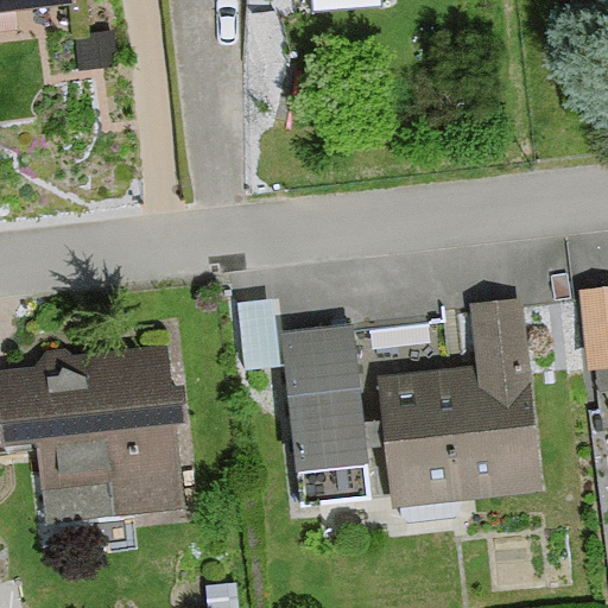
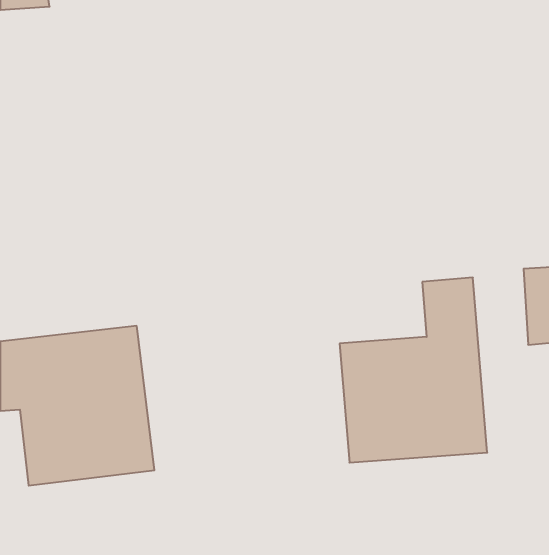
building: [284,329,359,473] -> none

